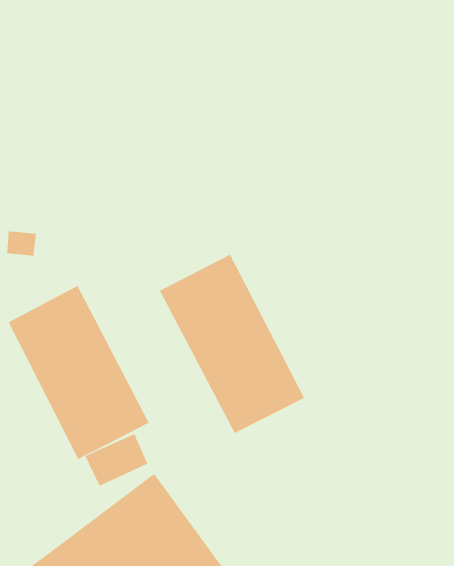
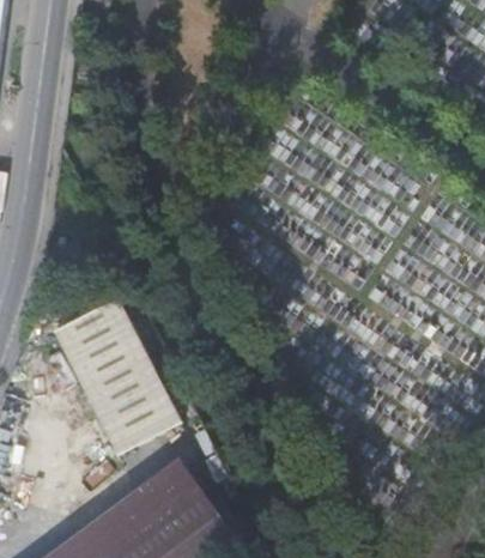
building: [159,254,305,434] -> none

